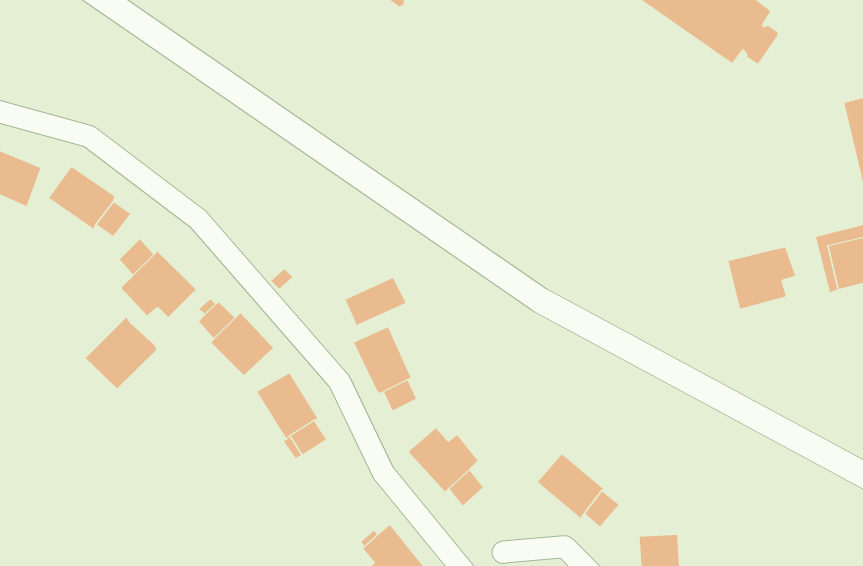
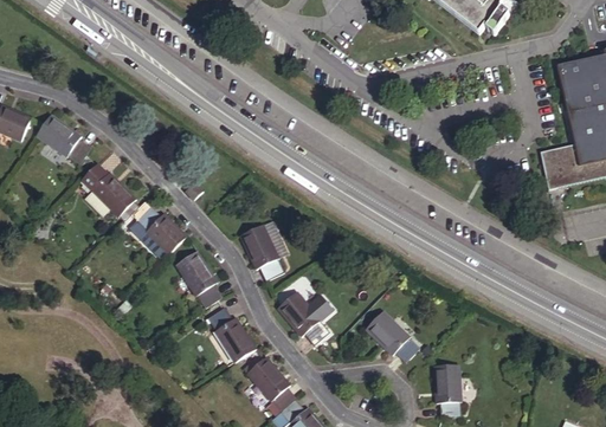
building: [728,247,796,309] -> none
building: [345,277,407,326] -> none
building: [85,317,157,389] -> none
building: none -> [205,304,252,358]

